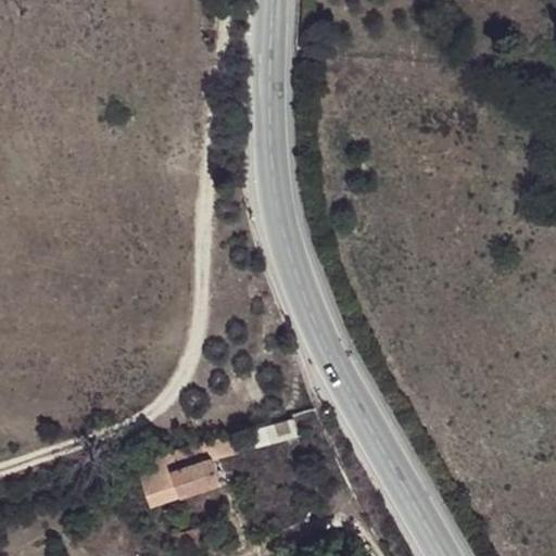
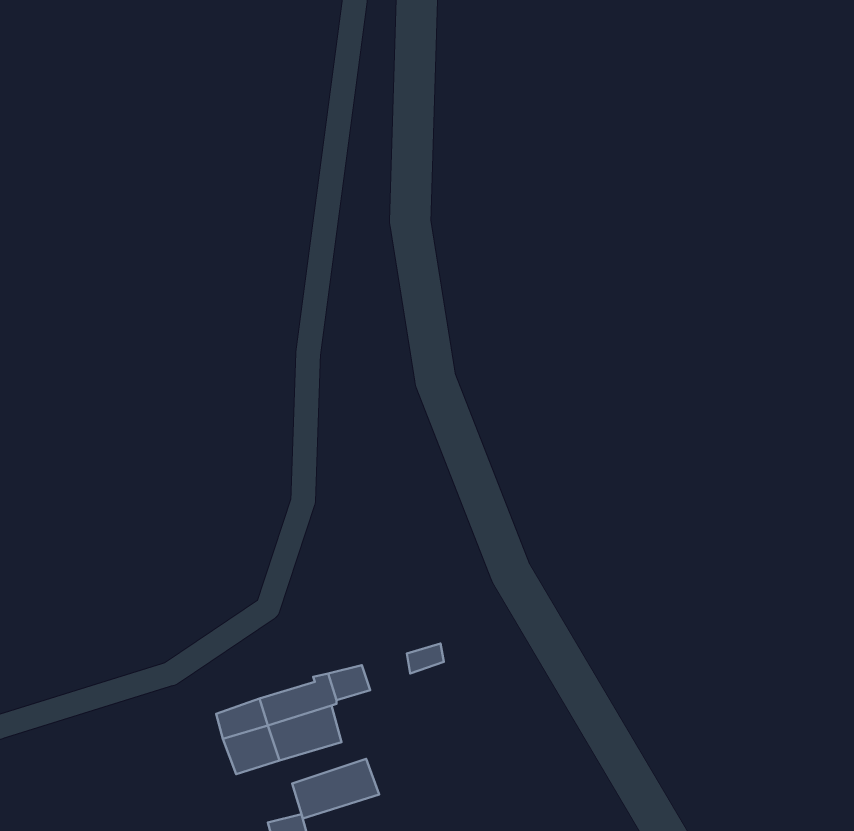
building: none -> [292,759,379,819]

